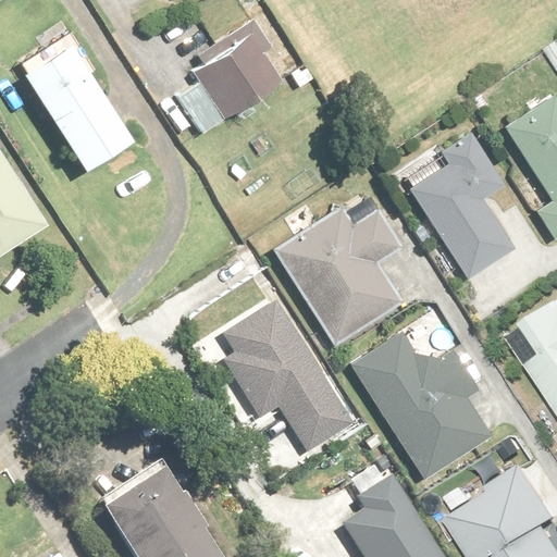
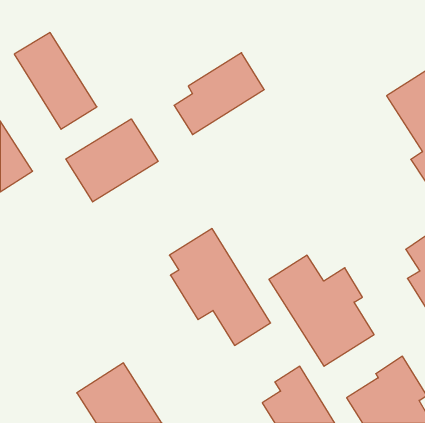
building: [177,25,295,132] -> [174,53,264,135]
building: [411,131,516,277] -> none
building: none -> [66,119,158,202]
building: [274,206,400,343] -> none

